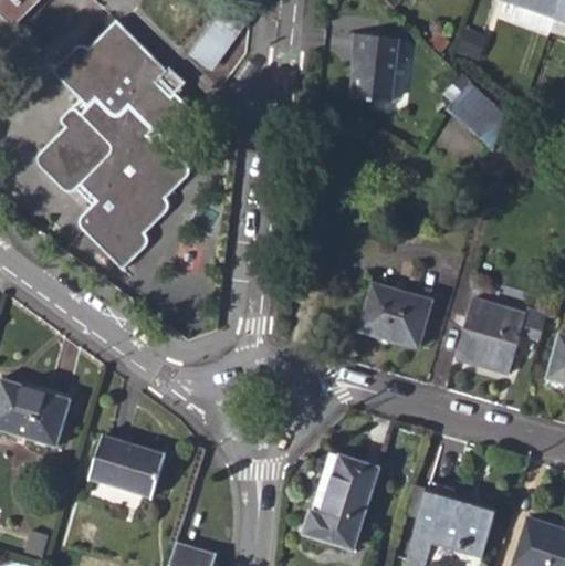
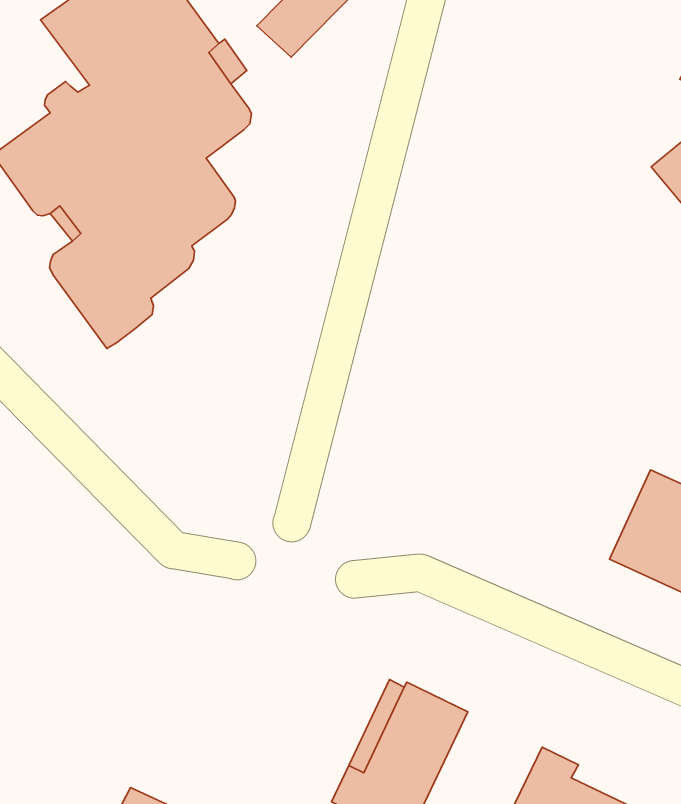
building: [349,31,398,99] -> none
building: [359,282,432,347] -> none
building: [90,436,164,496] -> none

